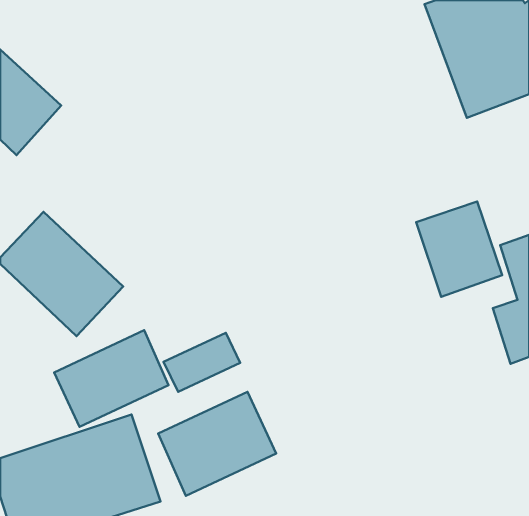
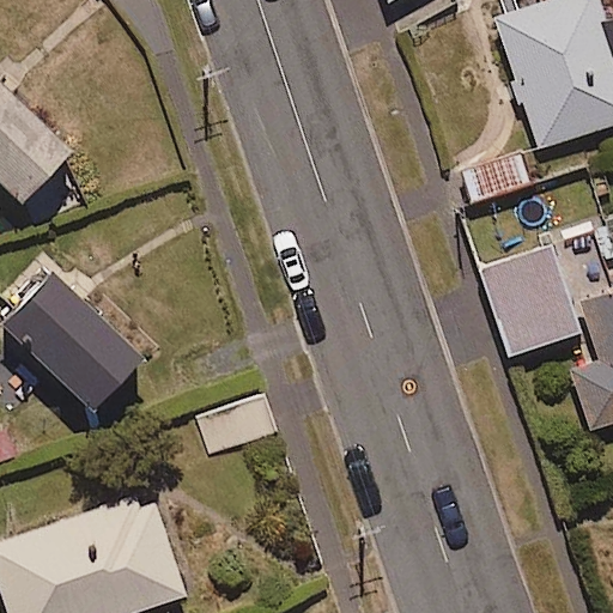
building: [54,330,169,427] -> none
building: [158,392,276,496] -> none

